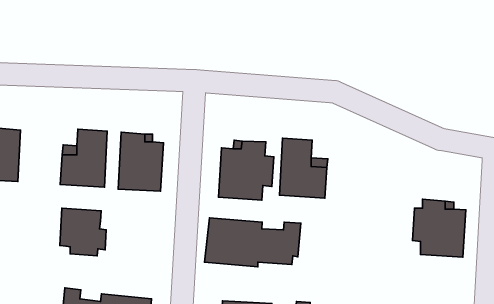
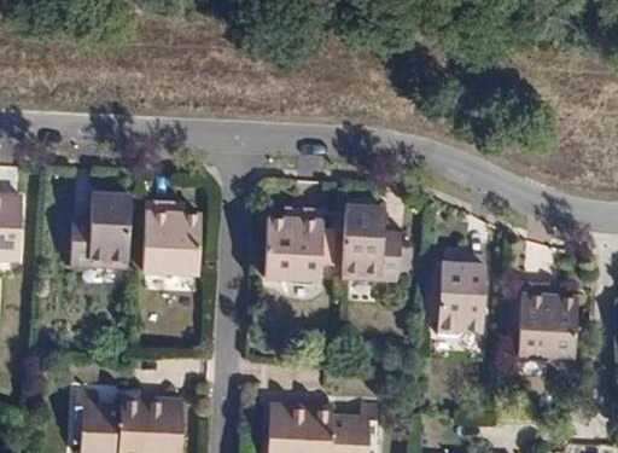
building: none -> [436,248,483,326]
building: [60,208,106,256] -> none
building: [204,218,301,267] -> none

